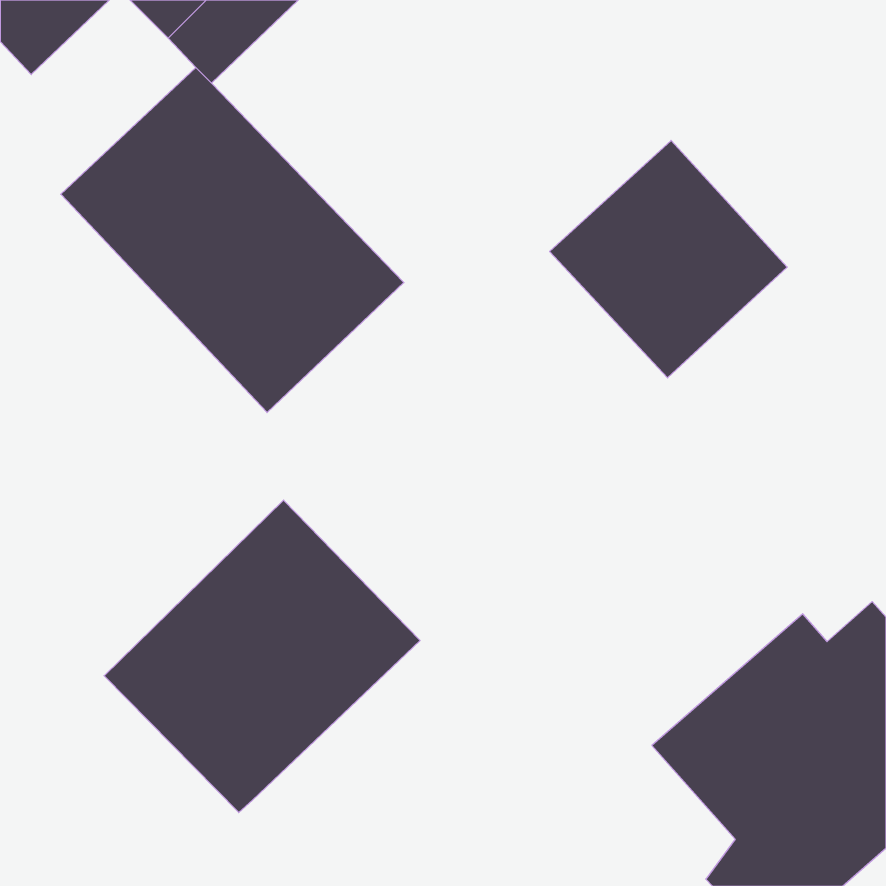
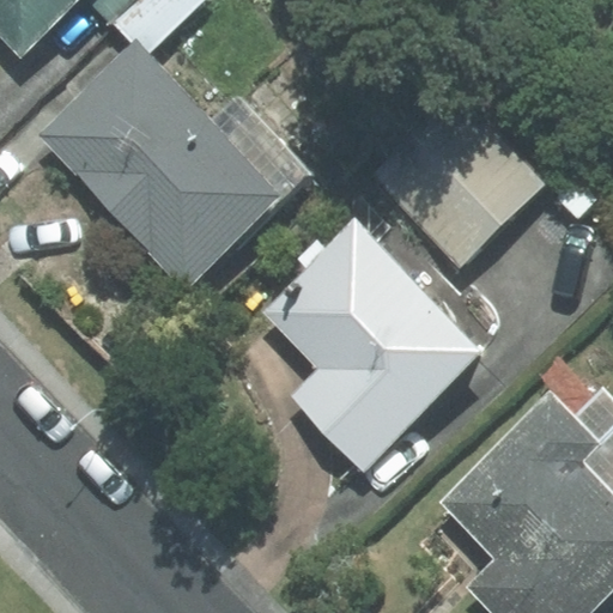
building: none -> [263,223,481,466]
building: [104,500,420,813] -> none

